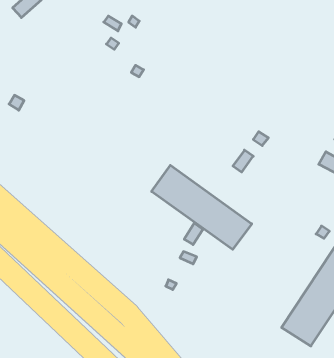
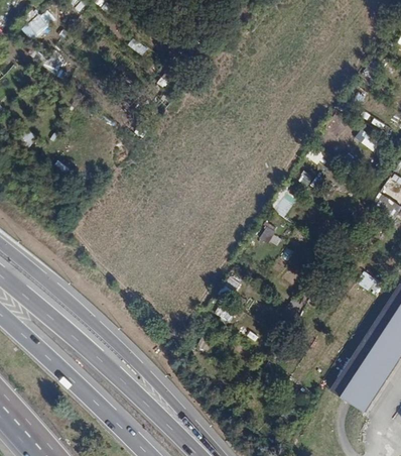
building: [152,165,252,249] -> none

